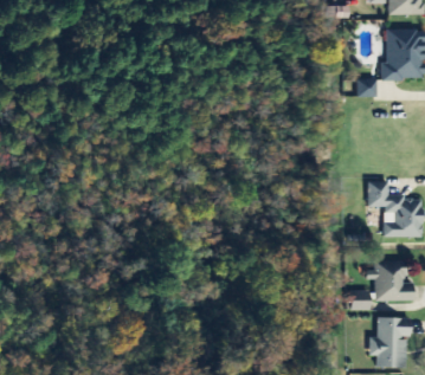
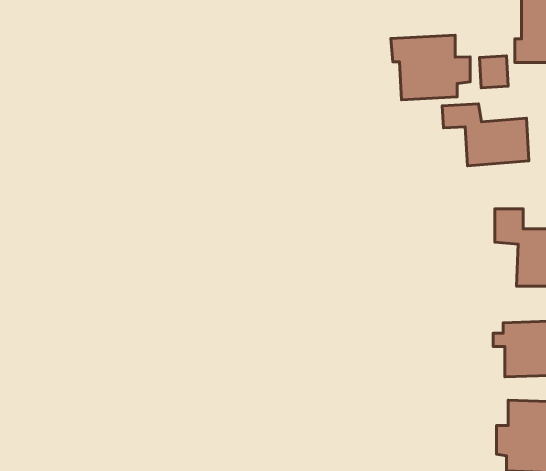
building: none -> [391,35,470,100]
building: none -> [442,104,529,166]

